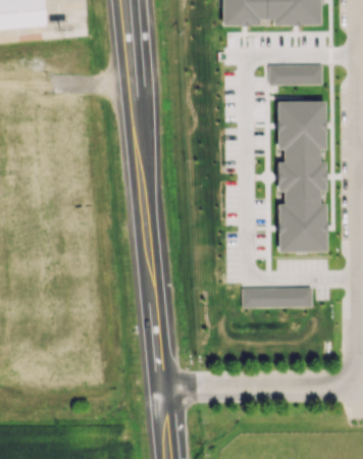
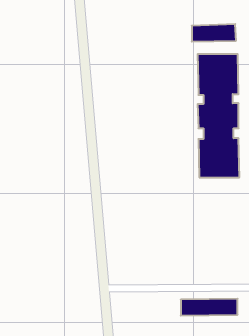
building: [244,288,313,308] -> [181,299,238,316]

